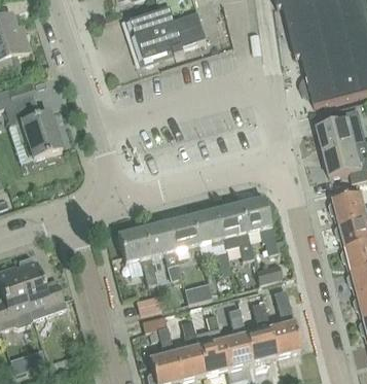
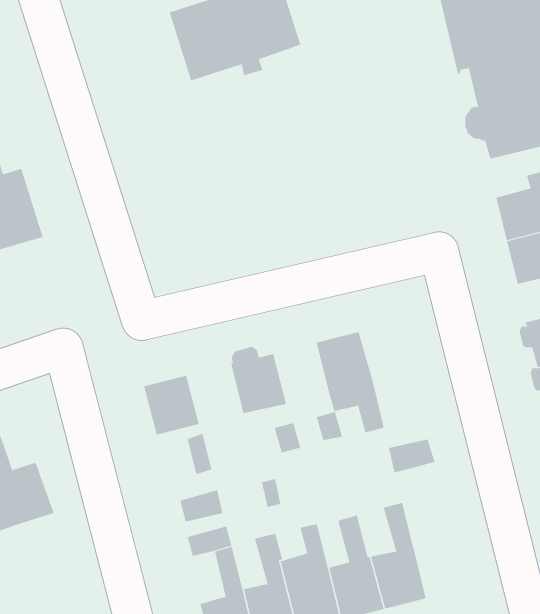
building: [240,198,278,254] -> none
building: [191,210,222,245] -> none
building: [142,222,182,278] -> none
building: [270,288,302,355] -> none

